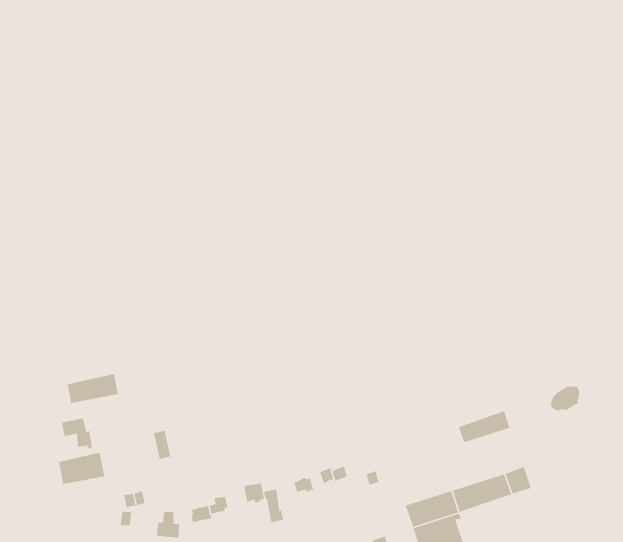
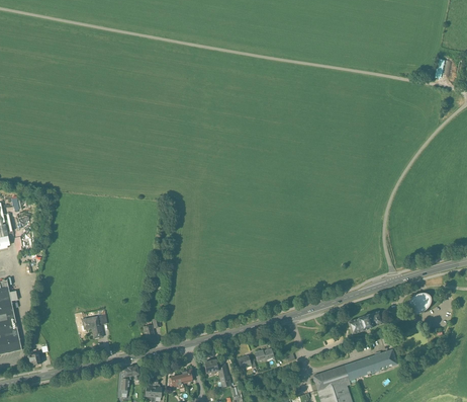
building: [67,373,119,404] -> none
building: [58,452,105,485] -> none

